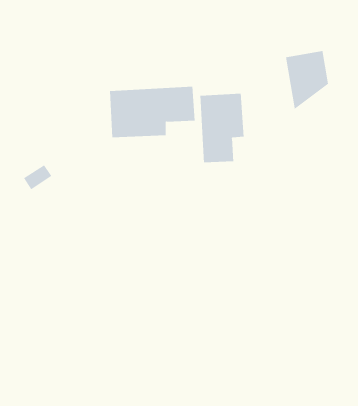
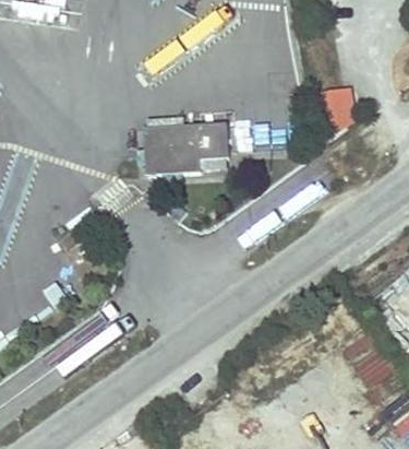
building: [200,93,244,163] -> none

